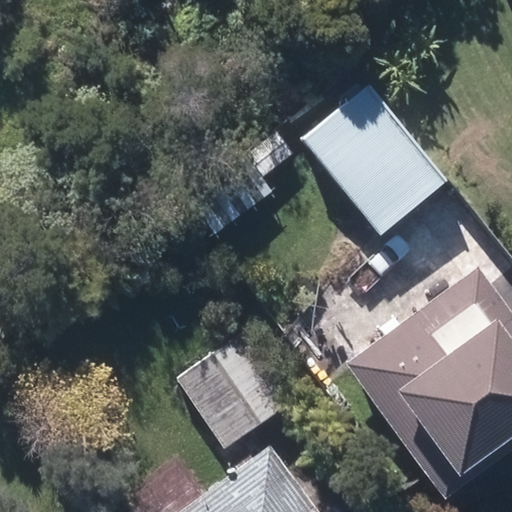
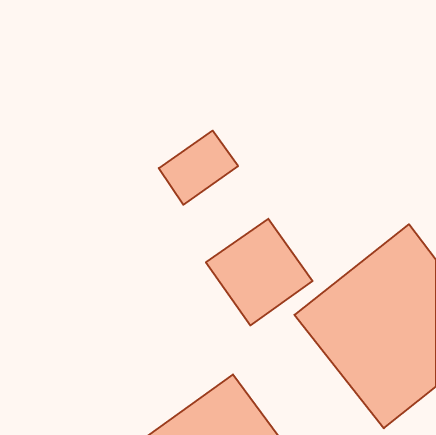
building: [301,84,452,239] -> none
building: [171,324,296,449] -> [206,219,313,325]

